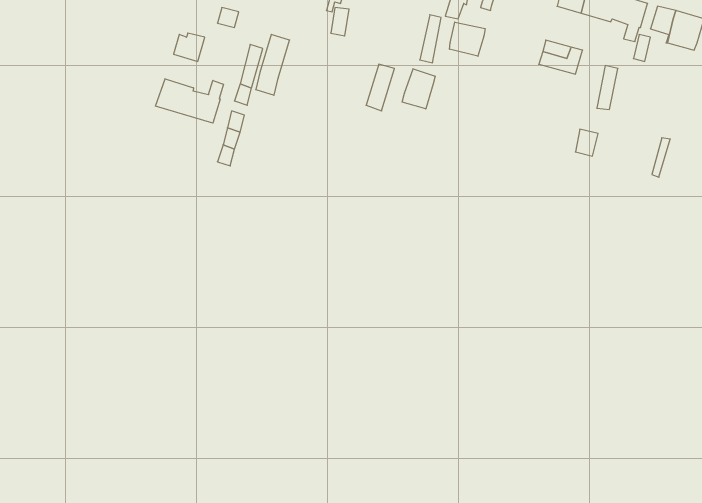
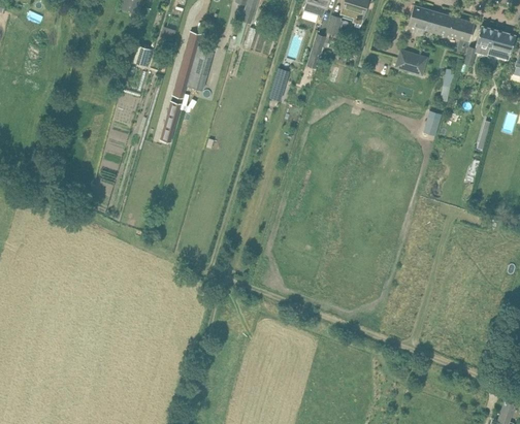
building: [450,22,485,56] -> none
building: [402,69,435,109] -> none
building: [155,79,223,123] -> none

